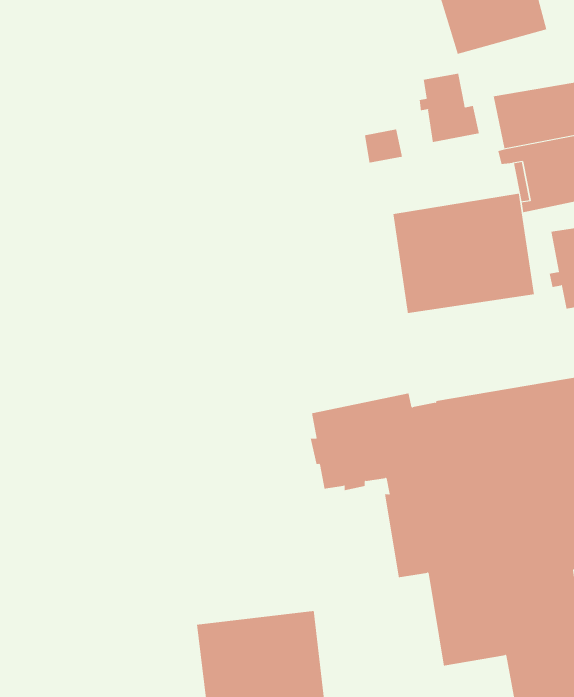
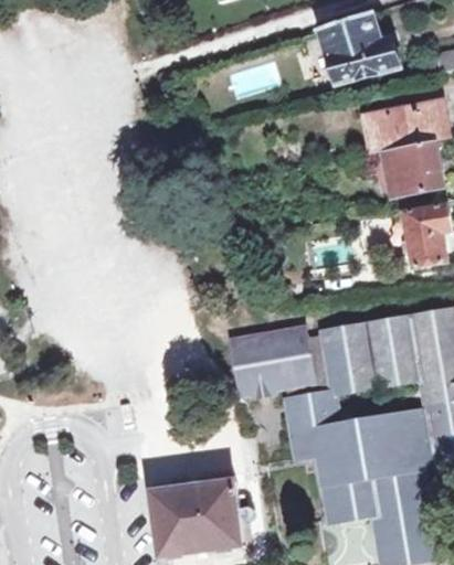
building: [419,73,479,143] -> none
building: [393,193,534,314] -> none

